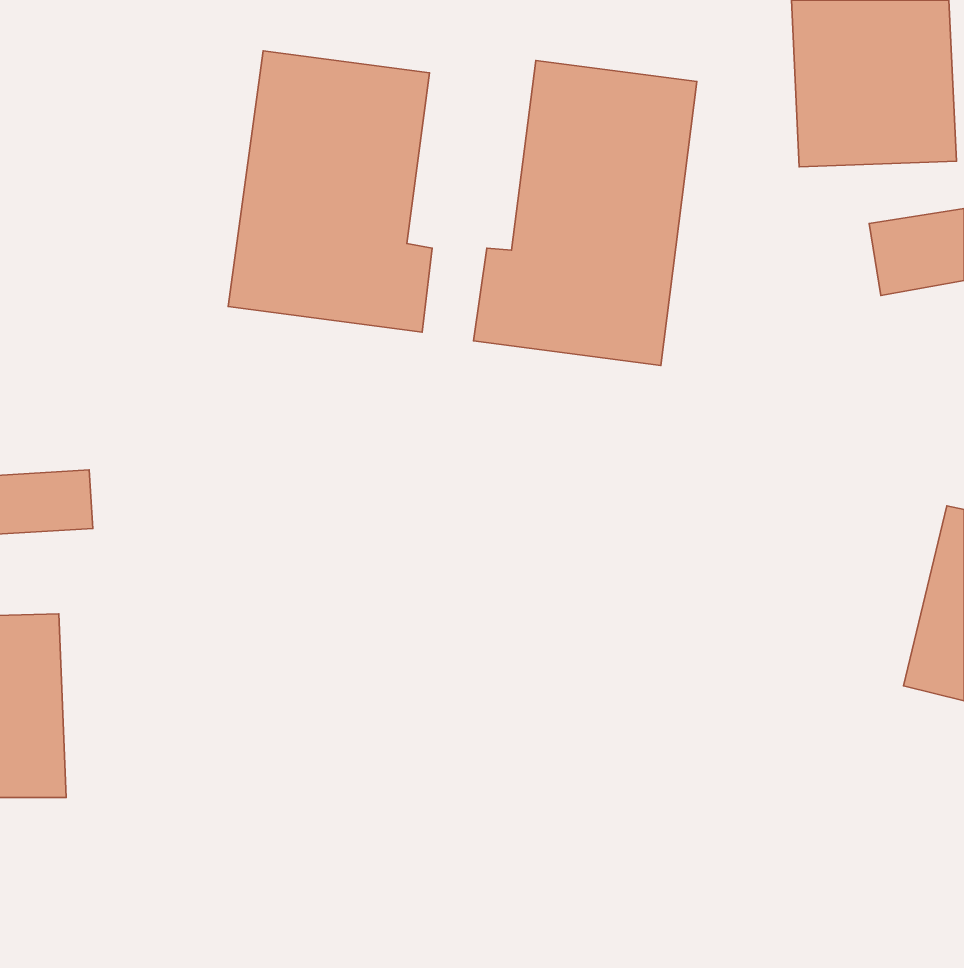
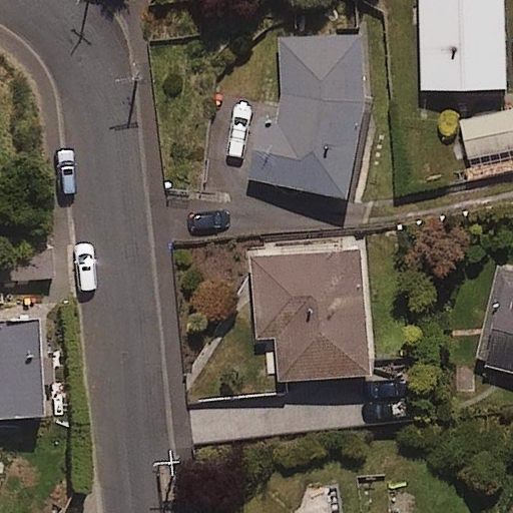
building: [228,51,432,332] -> none
building: none -> [250,249,370,380]

